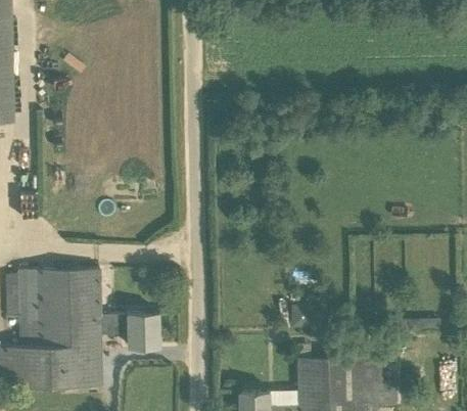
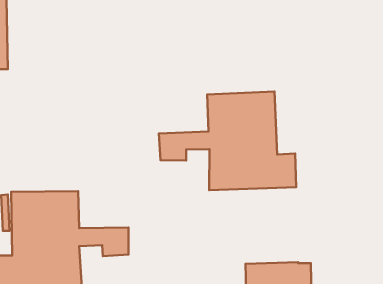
building: none -> [159,92,296,190]
building: [291,304,316,328] -> none

